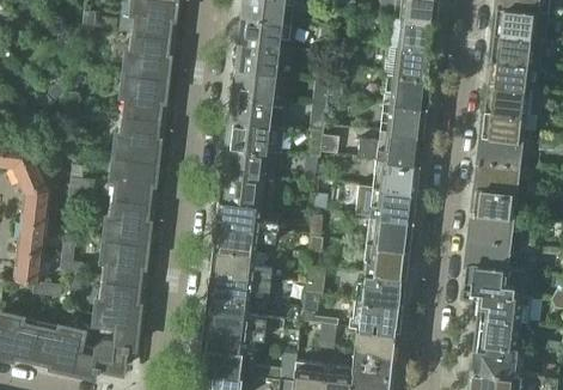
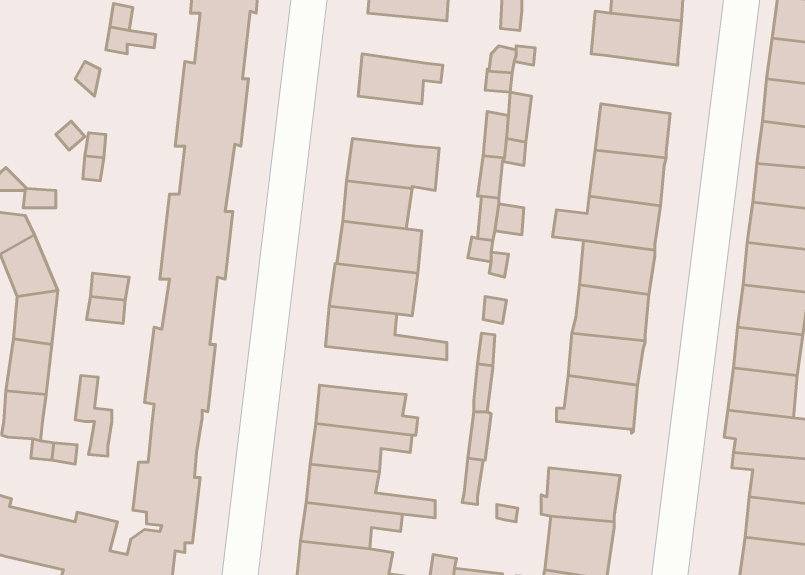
building: [239,17,292,48] -> none
building: [387,43,435,79] -> none
building: [233,68,276,99] -> none
building: [213,224,293,252] -> none
building: [355,270,405,304] -> none

